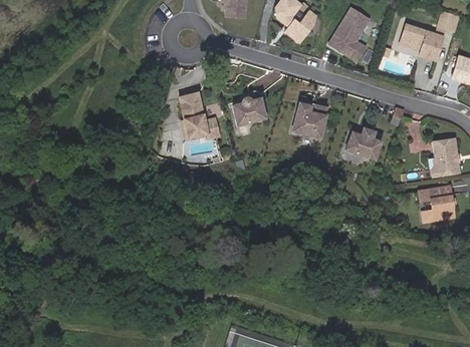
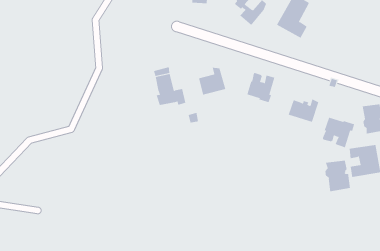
building: [399,24,443,60] -> none
building: none -> [322,117,355,148]
building: none -> [325,160,350,192]

